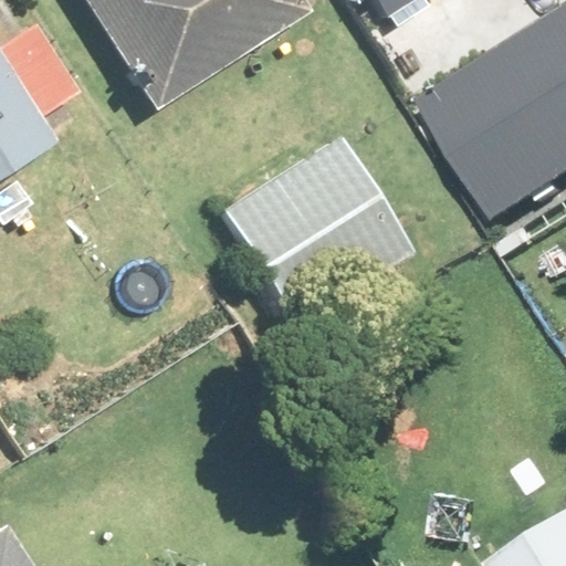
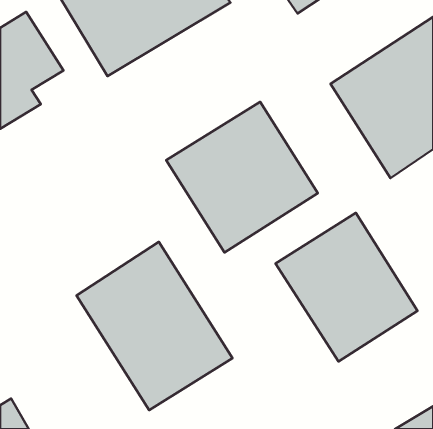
building: none -> [276,213,418,361]
building: none -> [76,242,233,410]

